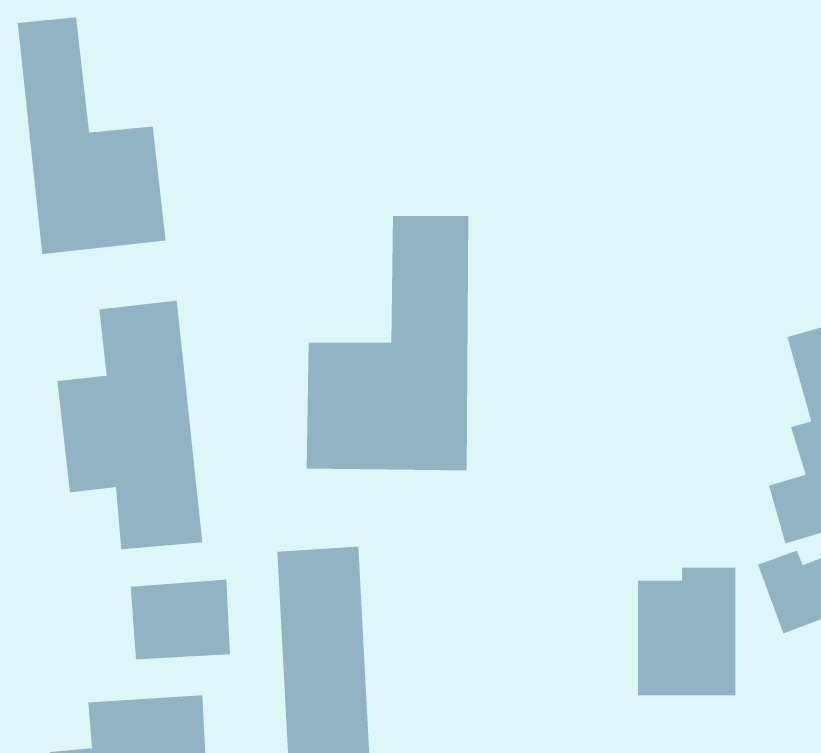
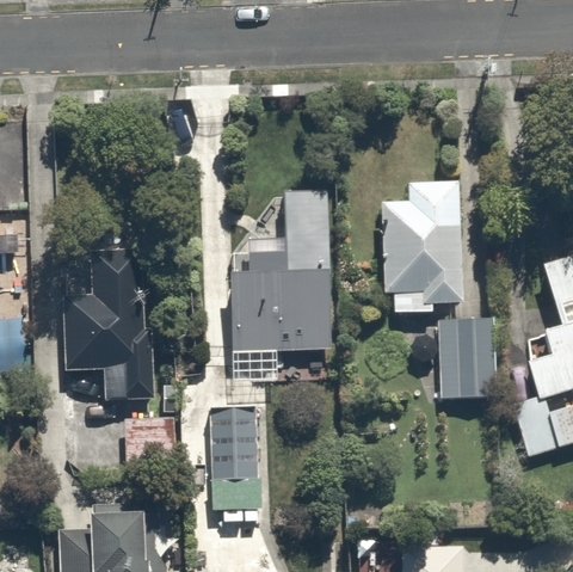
building: [17,17,166,255] -> none
building: none -> [380,176,463,316]
building: [637,567,736,696] -> [437,314,501,398]

